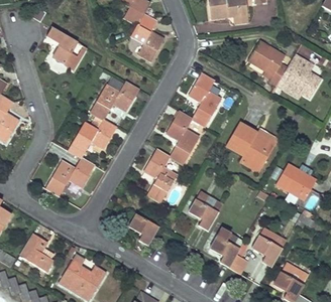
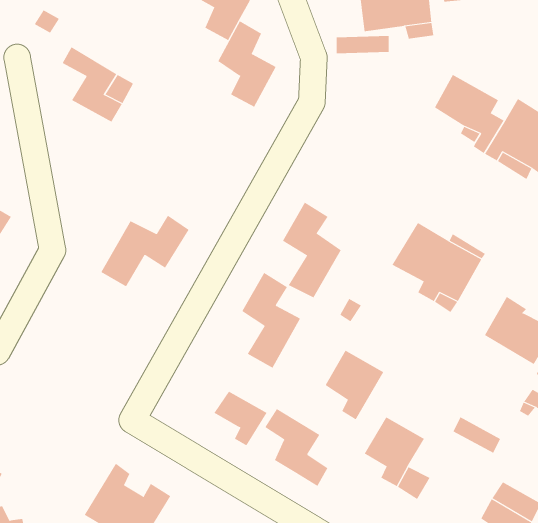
building: [189,73,221,127] -> none
building: [90,76,139,119] -> none
building: [45,158,94,195] -> none
building: none -> [265,408,328,487]
building: [19,233,54,272] -> none
building: [252,237,282,267] -> none

